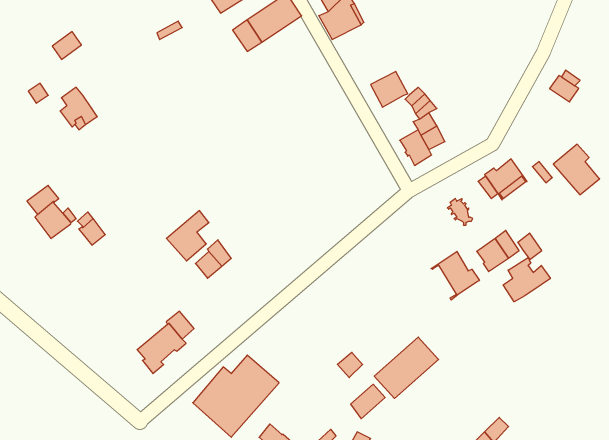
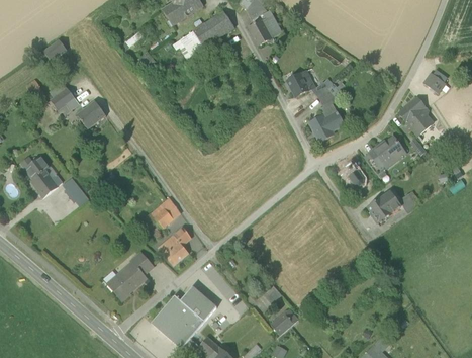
building: none -> [77,101,105,129]
building: [553,144,600,195] -> [397,97,433,136]
building: [166,211,209,261] -> [158,228,190,266]
building: [431,251,479,300] -> none
building: [503,258,550,302] -> none
building: [374,337,439,398] -> none

